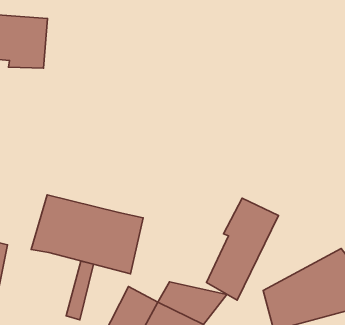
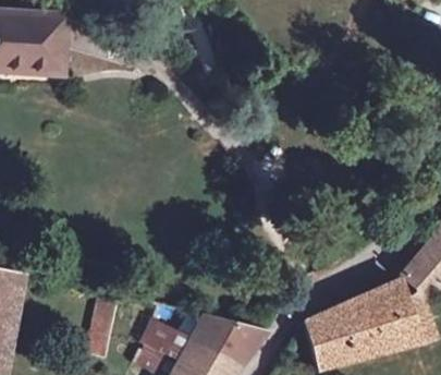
building: [31,195,143,274] -> none
building: [206,198,279,300] -> none

